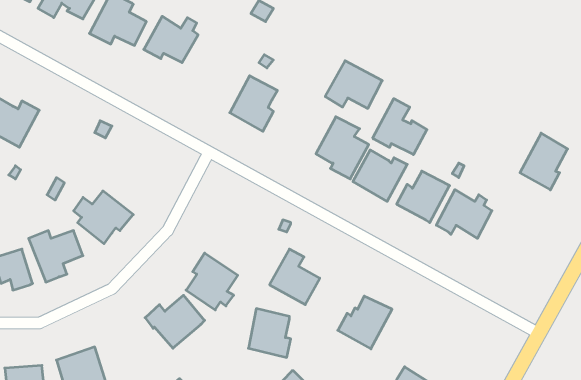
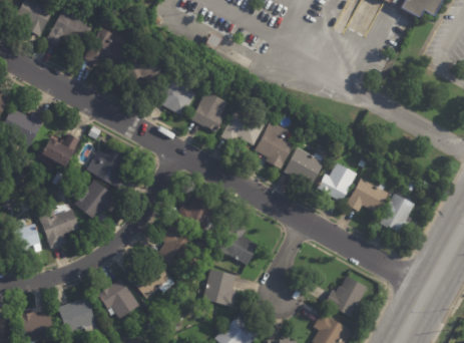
building: none -> [154,77,195,117]
building: [325,61,382,108] -> [221,109,265,145]
building: [373,99,427,155] -> none
building: none -> [42,133,79,166]
building: [520,133,568,190] -> [379,194,415,237]
building: none -> [87,143,129,190]
building: none -> [175,195,215,235]
building: [338,296,392,349] -> [327,276,368,316]
building: none -> [98,278,139,318]

